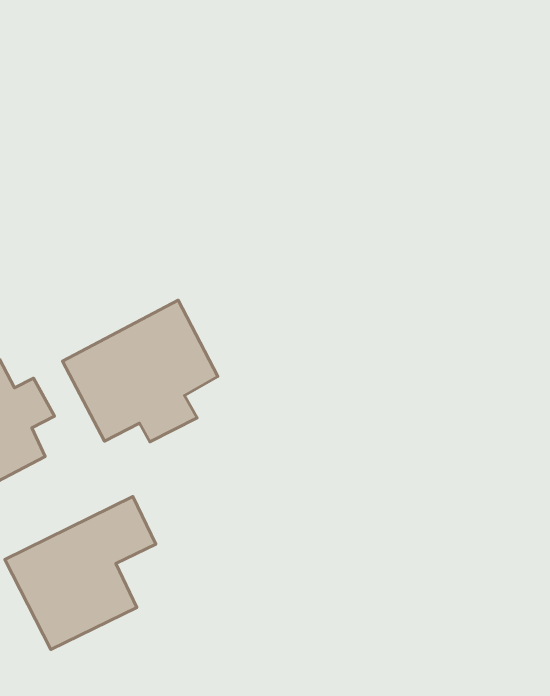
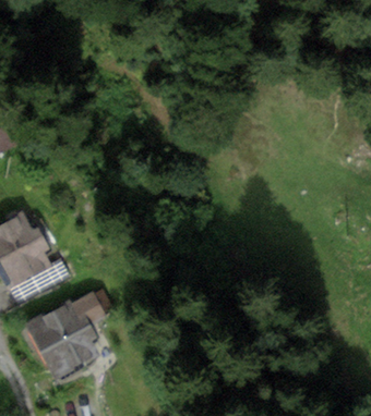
building: [62,300,218,442] -> none

